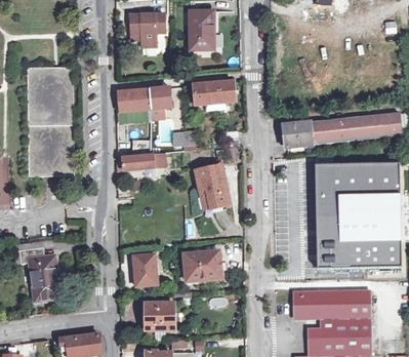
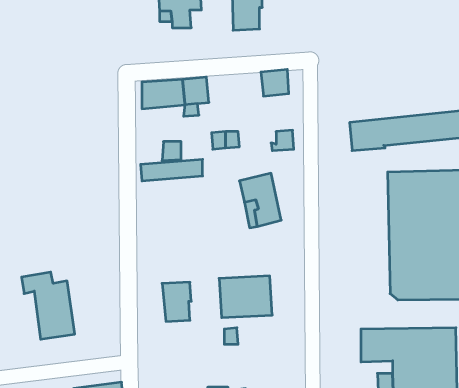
building: [27,67,74,176] -> none
building: [193,83,214,106] -> none
building: [146,303,173,329] -> none

